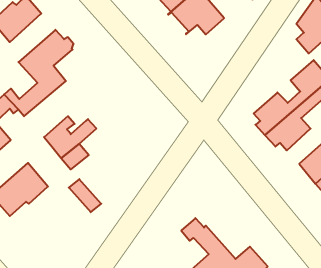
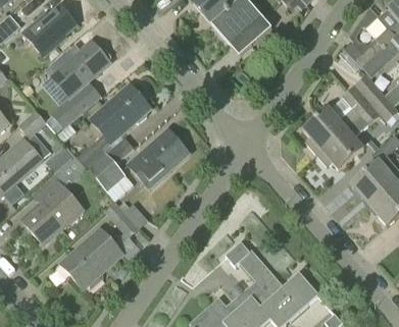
building: none -> [91,84,150,142]
building: none -> [128,129,187,187]
building: none -> [46,144,84,181]
building: none -> [59,227,120,288]

